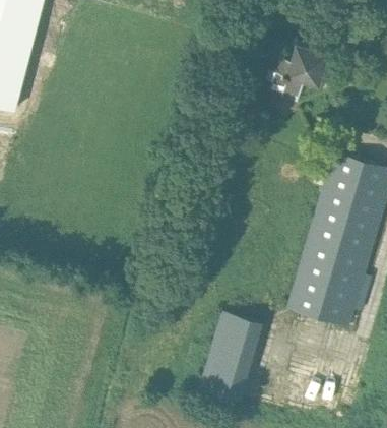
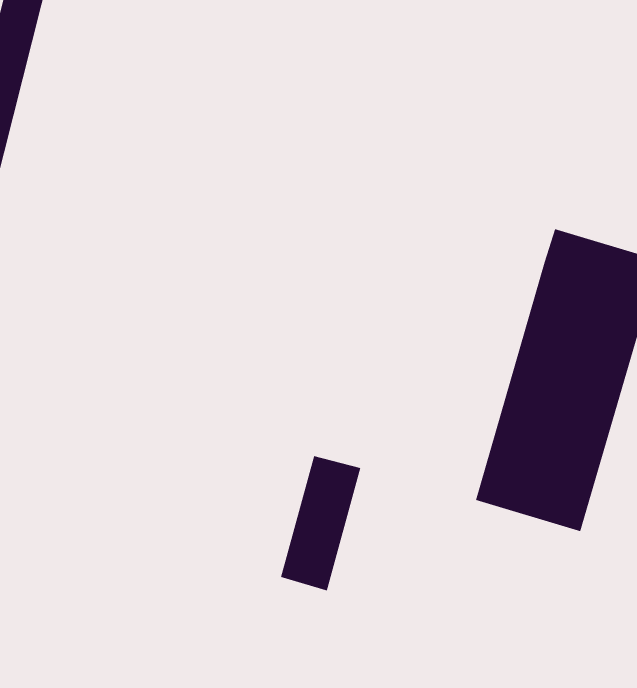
building: [261,45,326,98] -> none
building: [212,317,259,395] -> [280,455,361,591]

